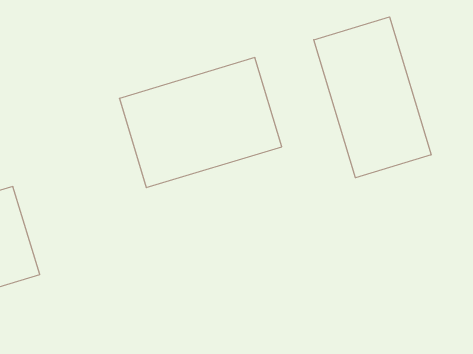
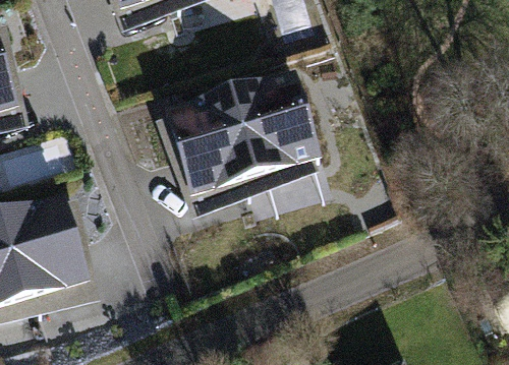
building: [314,17,431,178] -> none

